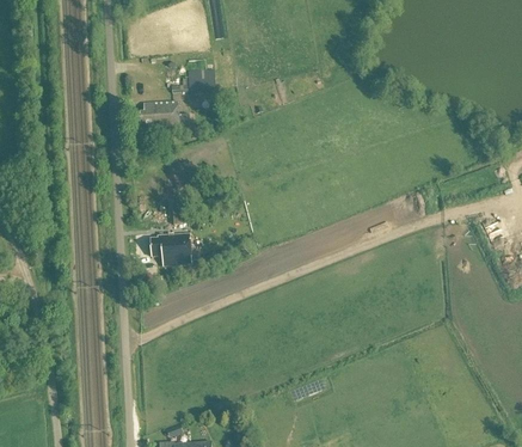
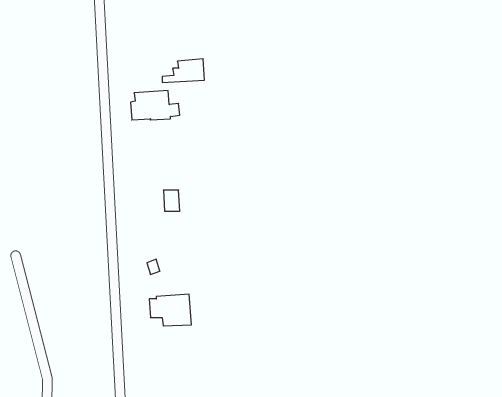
building: [148,232,191,264] -> [149,294,191,326]

